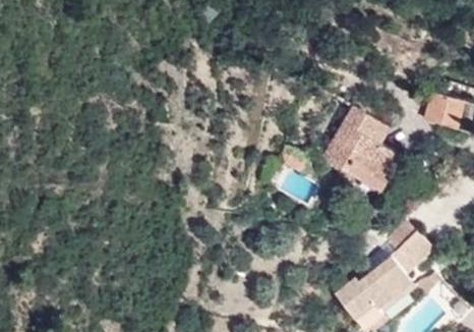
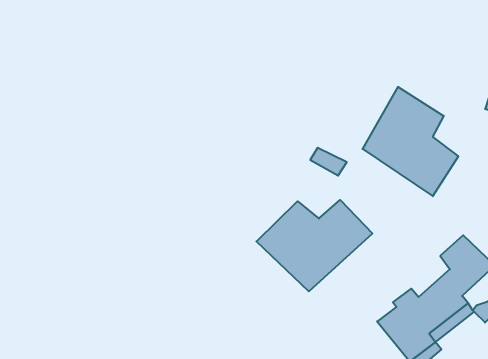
building: none -> [256,200,372,291]

